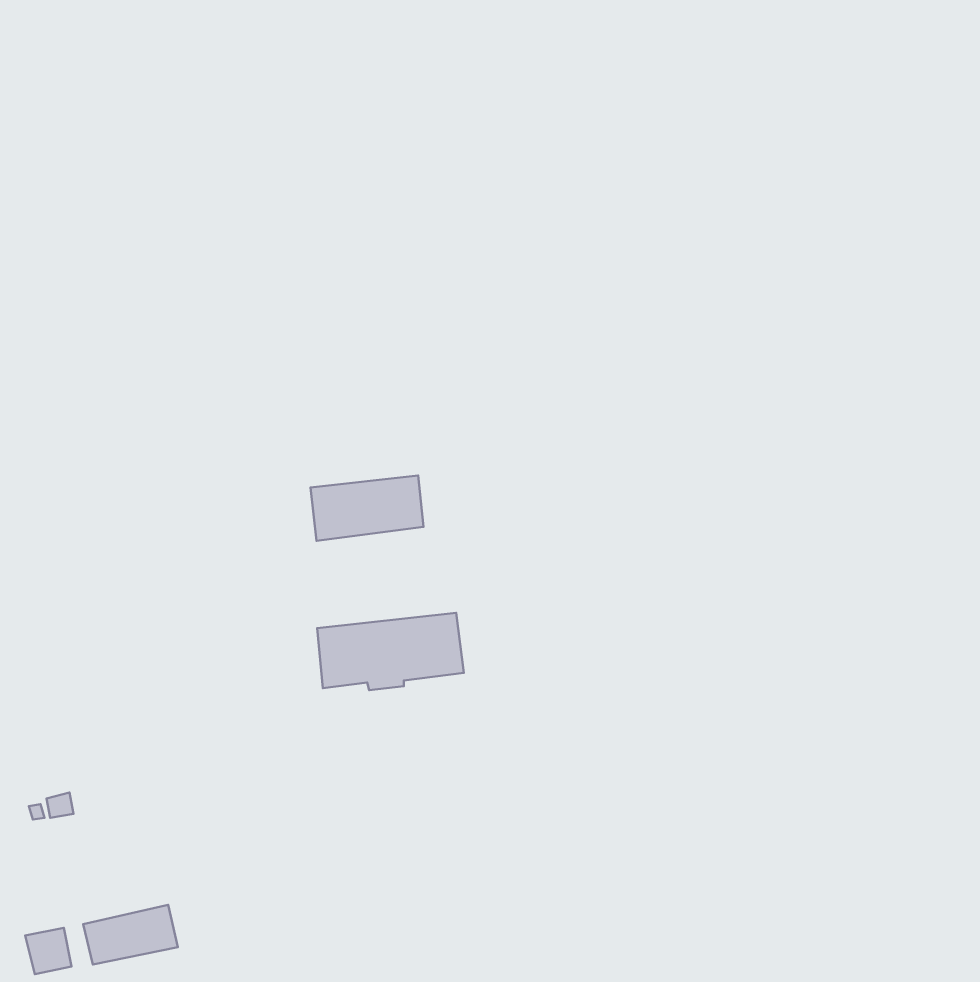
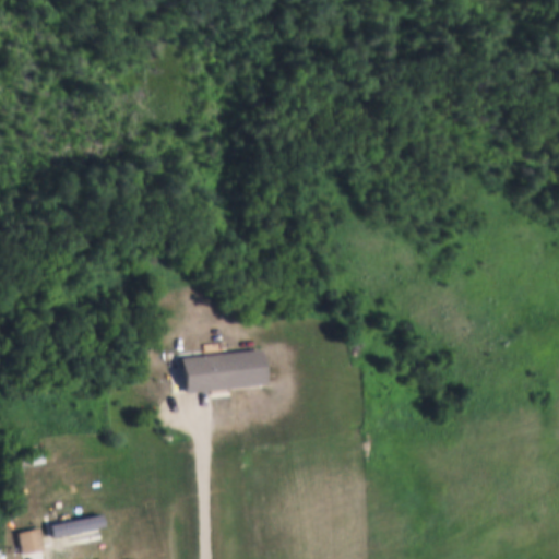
building: [311,475,423,541] -> none

